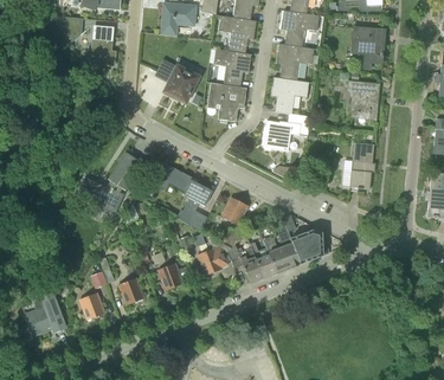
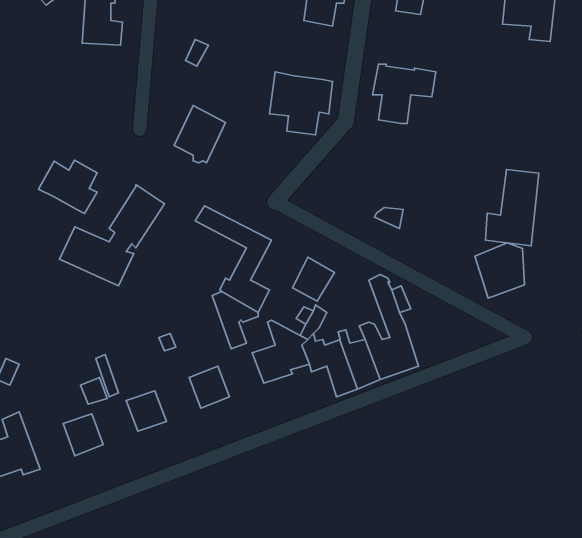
building: [276,43,315,80] -> none
building: [213,49,252,86] -> none
building: [165,66,197,102] -> [174,105,226,163]
building: [346,80,380,120] -> none
building: [264,114,310,150] -> none
building: none -> [39,160,97,213]
building: [291,230,322,264] -> [475,243,524,298]

